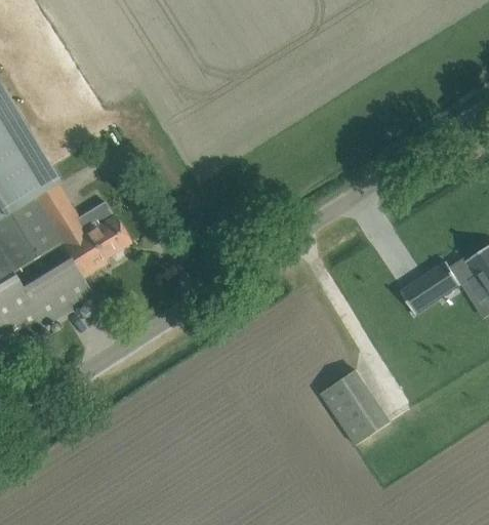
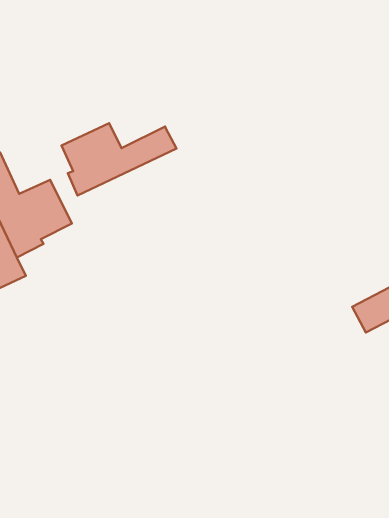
building: none -> [62,123,177,196]
building: [323,367,398,447] -> none

